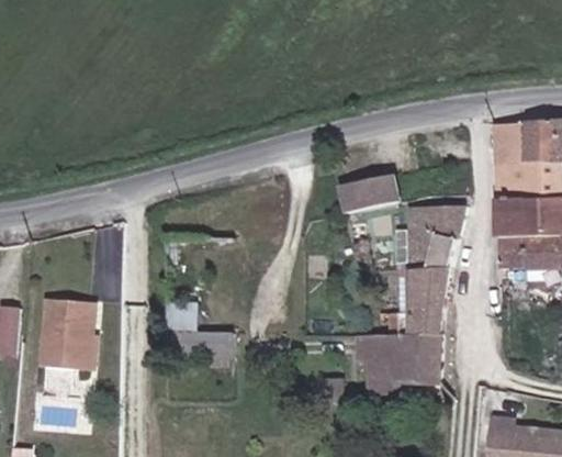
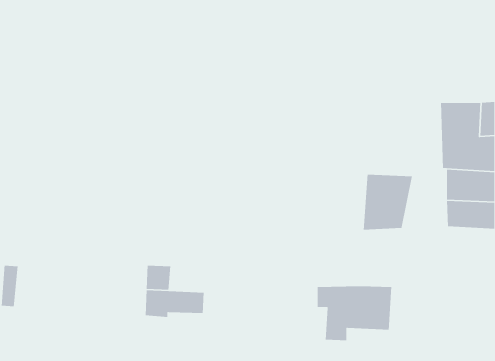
building: [336,179,397,221] -> none
building: [404,267,451,332] -> none
building: [44,300,95,369] -> none

